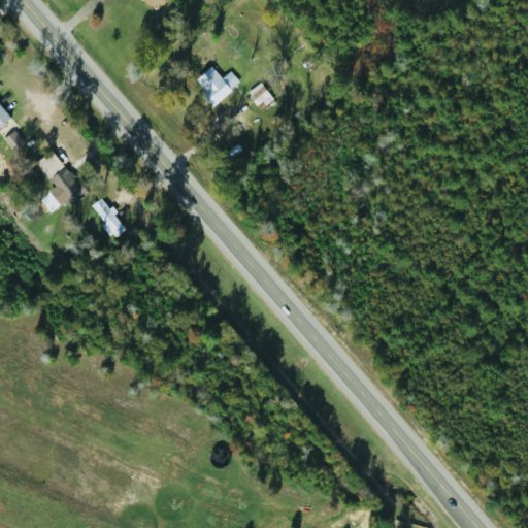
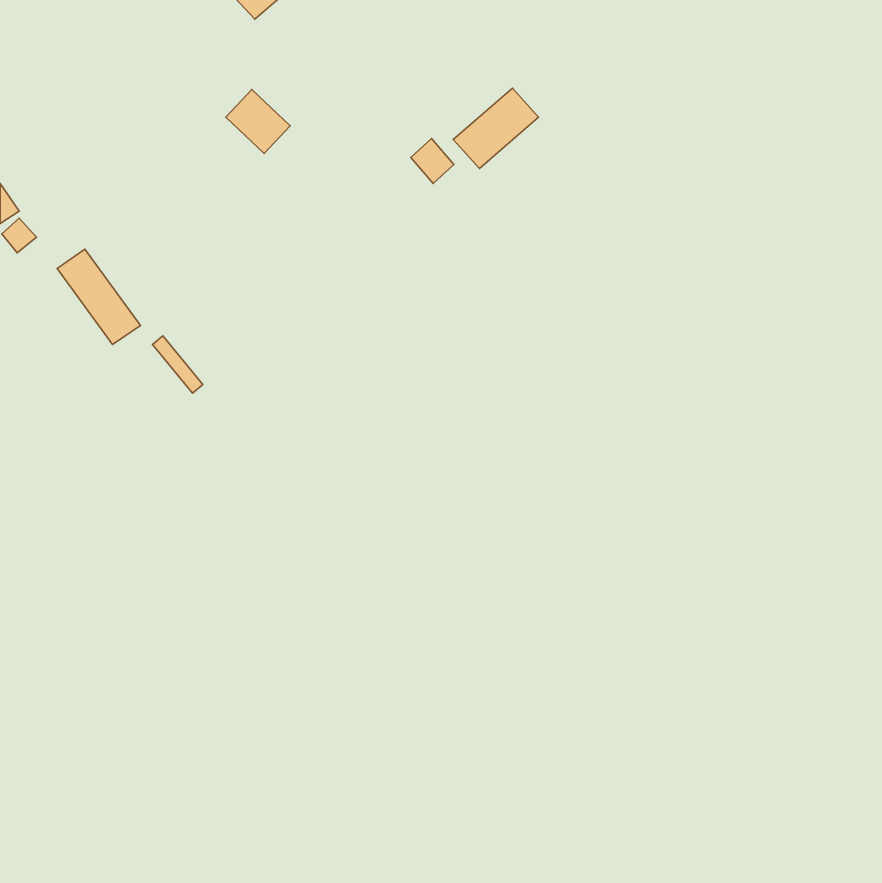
building: none -> [453,88,539,168]
building: [195,65,233,103] -> [226,89,290,153]

